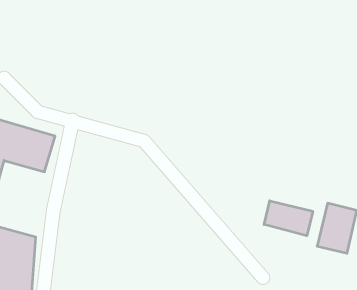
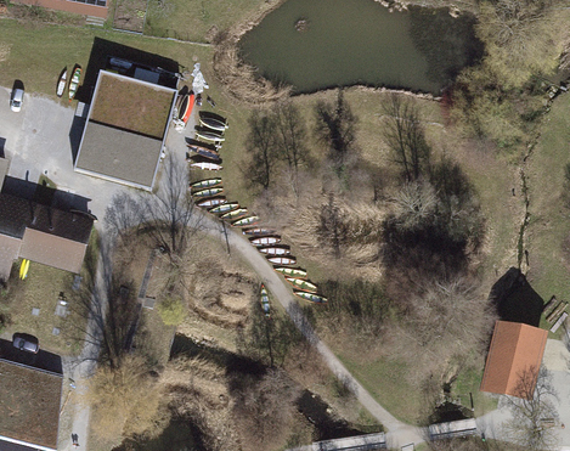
building: none -> [75,73,177,187]
building: [264,201,313,236] -> none

